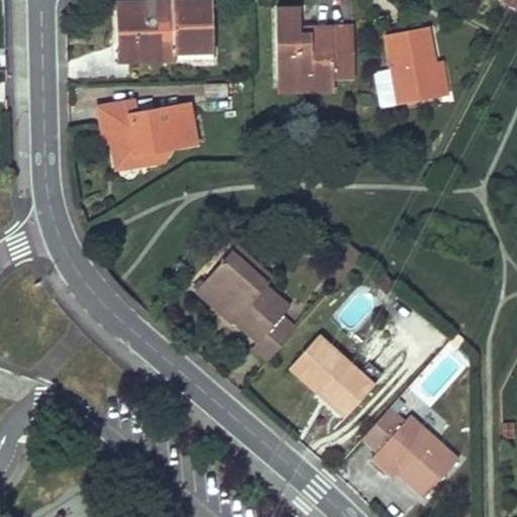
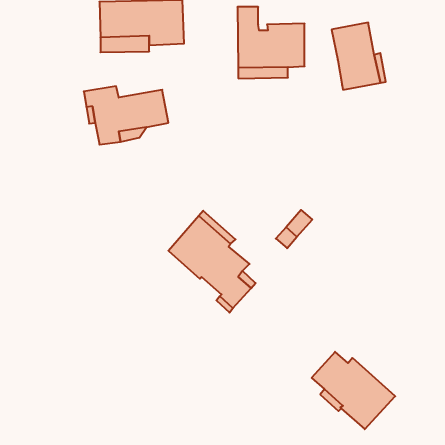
building: [290,334,374,417] -> none

